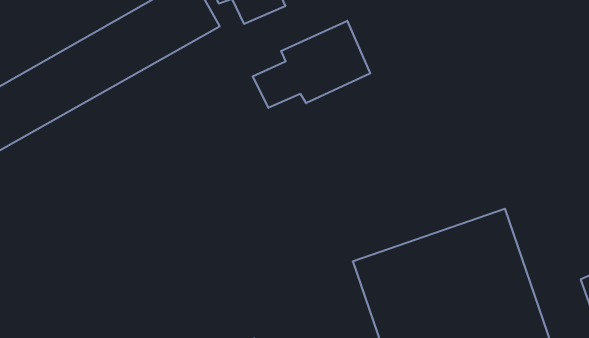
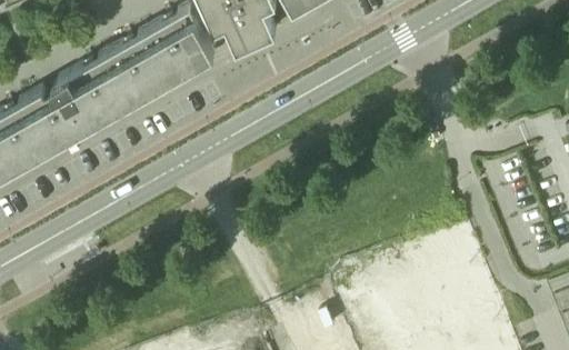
building: [253,21,370,108] -> none

